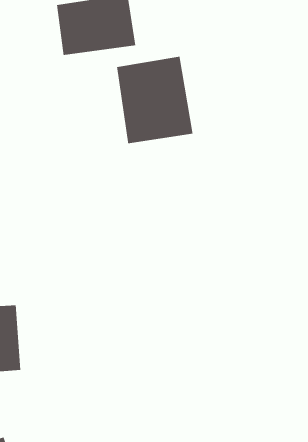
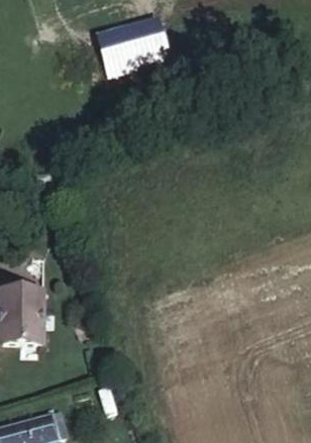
building: [116,56,193,144] -> none

